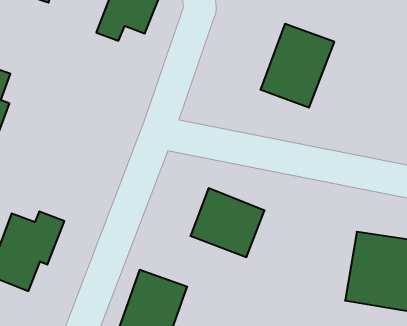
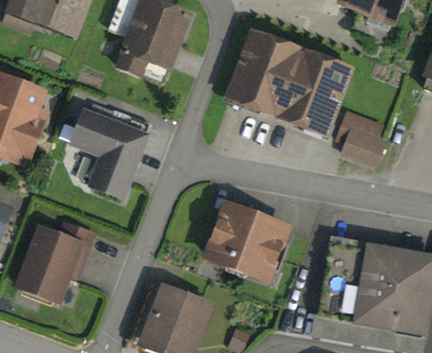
building: none -> [229,32,299,113]
building: none -> [71,108,144,189]
building: none -> [335,120,389,177]

